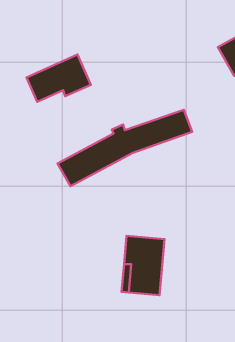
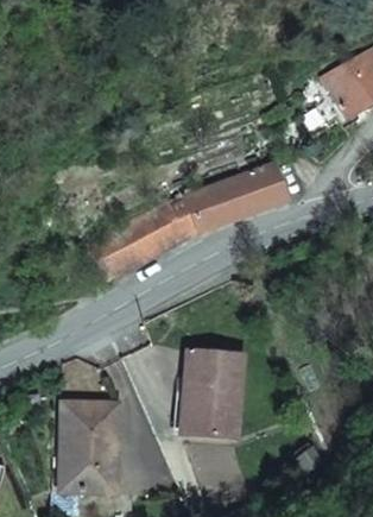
building: [27,55,91,102] -> none
building: none -> [59,401,118,491]

